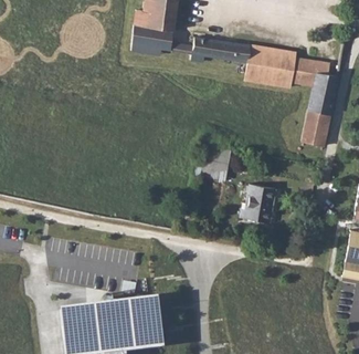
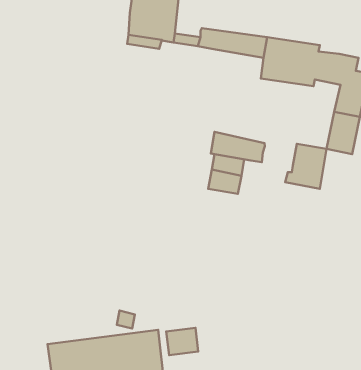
building: none -> [211,132,265,162]
building: [240,183,275,221] -> [285,144,326,189]
building: none -> [166,328,198,355]

